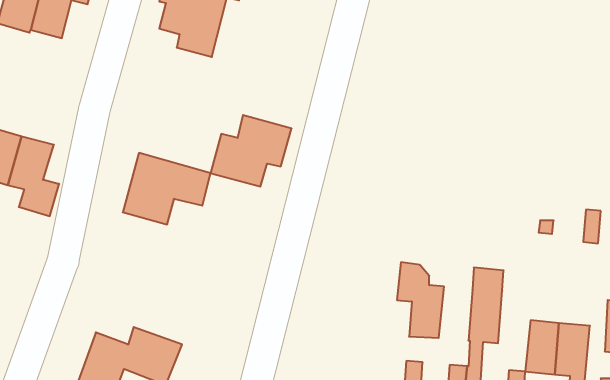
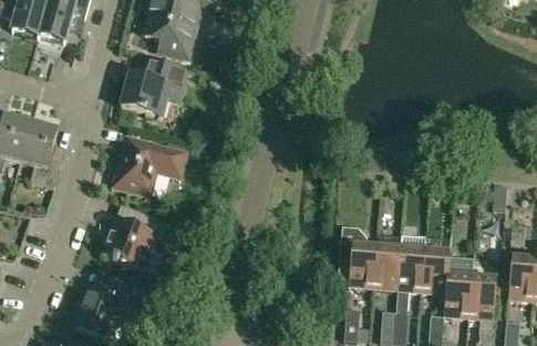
building: [210,115,292,187] -> [118,57,185,115]
building: none -> [102,205,166,266]
building: none -> [372,244,400,288]
building: none -> [421,247,448,293]

